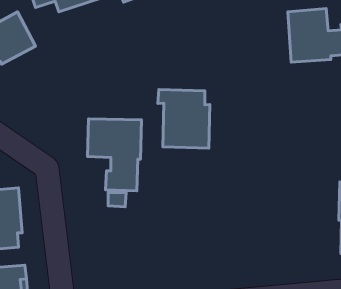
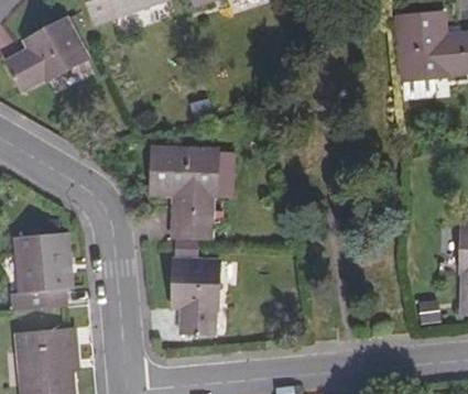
building: [158,90,210,148] -> none
building: none -> [171,259,219,332]

